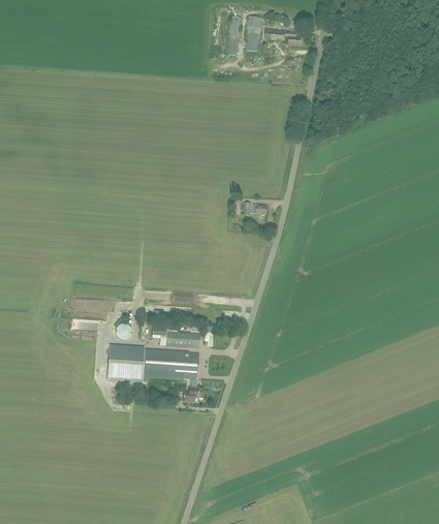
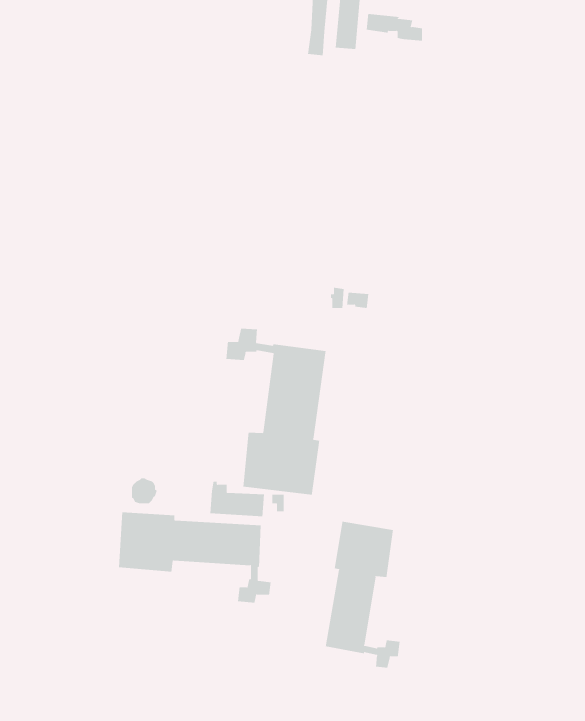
building: none -> [226,328,326,495]
building: none -> [325,521,400,668]

